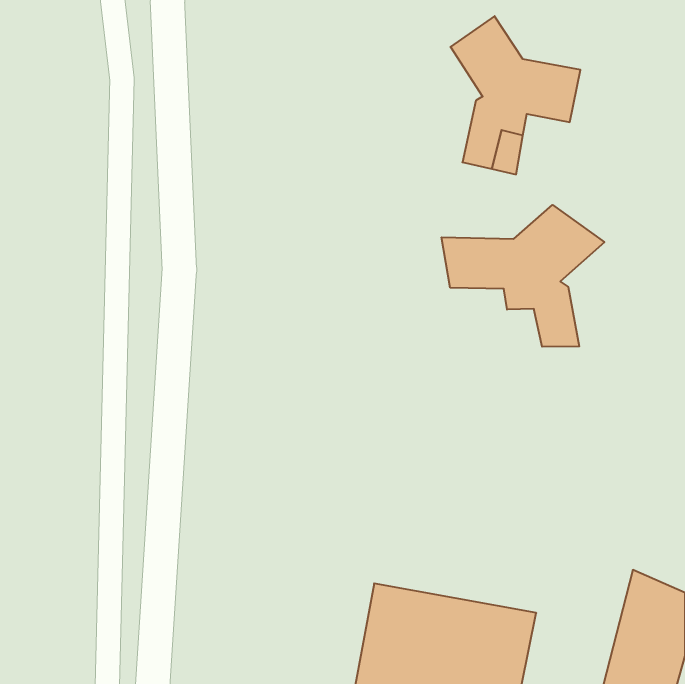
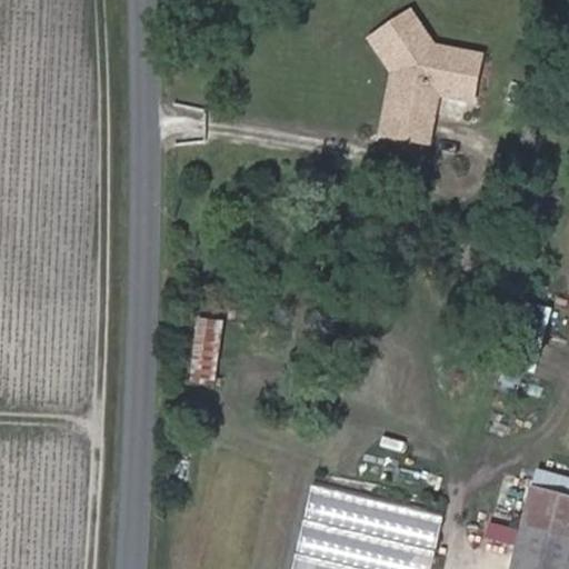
building: [442,205,604,347] -> none
building: none -> [192,317,222,380]

